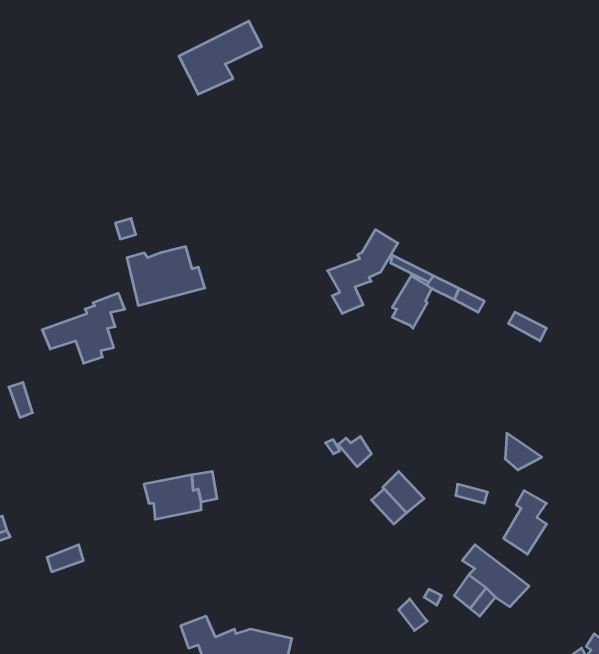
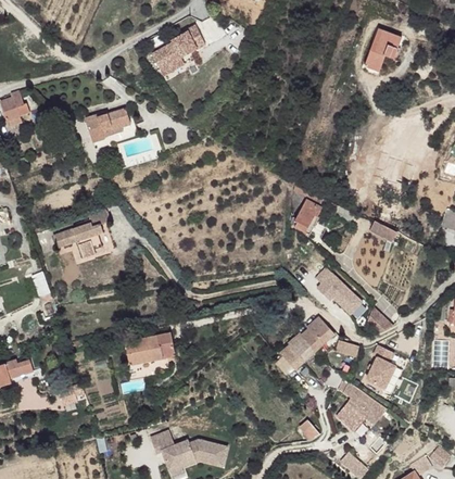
building: none -> [363,28,401,70]
building: [327,230,398,314] -> none
building: [127,247,205,305] -> [85,110,138,150]
building: none -> [314,267,363,316]
building: none -> [301,315,334,350]

